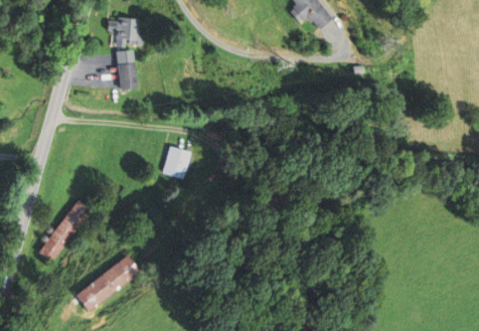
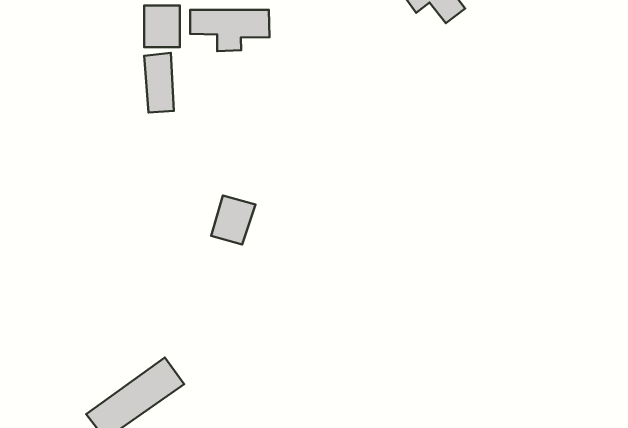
building: none -> [190,10,269,51]
building: [38,200,92,264] -> none

